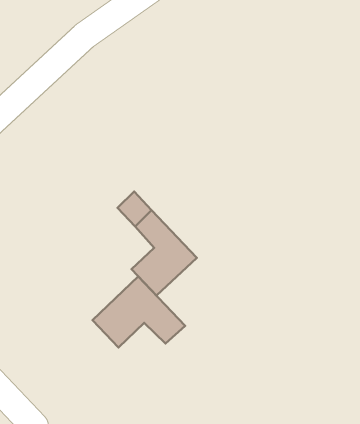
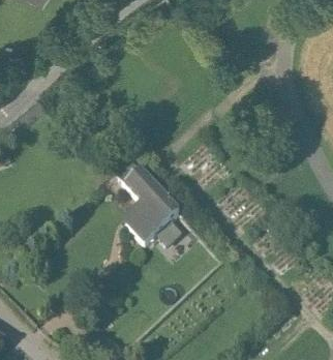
building: [92,276,185,348] -> none

